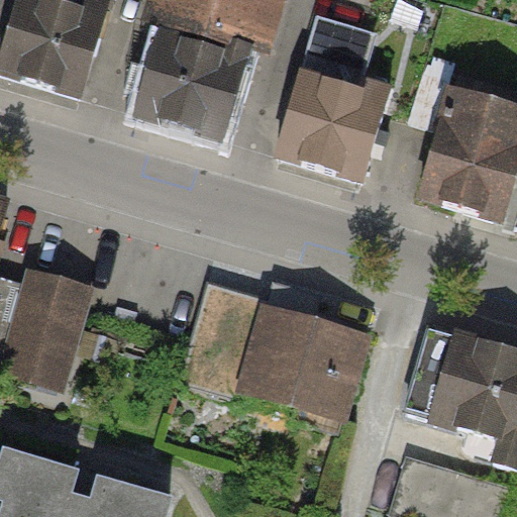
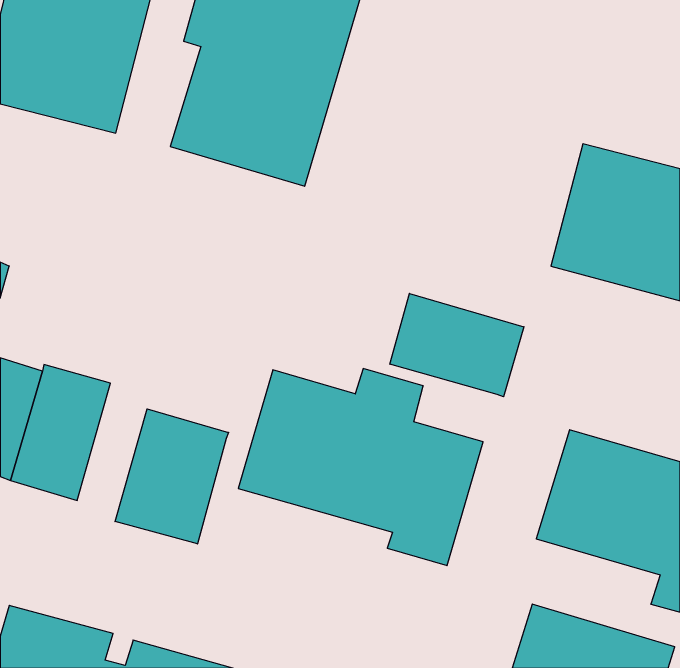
building: [274,25,390,182] -> none
building: none -> [390,293,524,397]
building: none -> [115,409,229,544]

